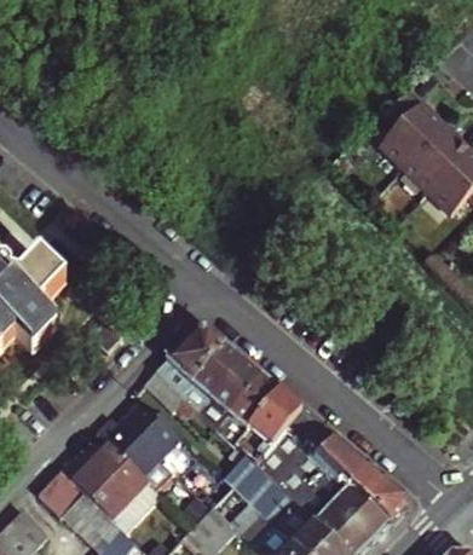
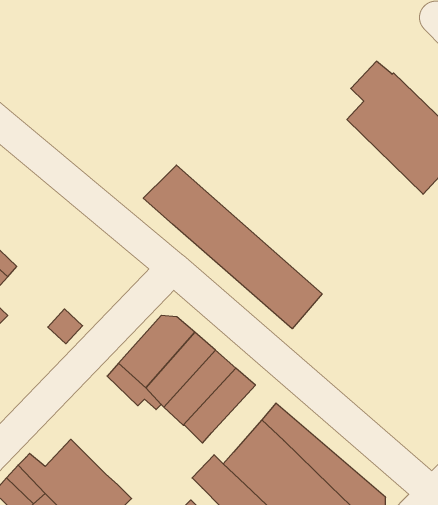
building: none -> [143,165,322,329]
building: [247,393,307,456] -> none
building: [103,400,185,490] -> none

